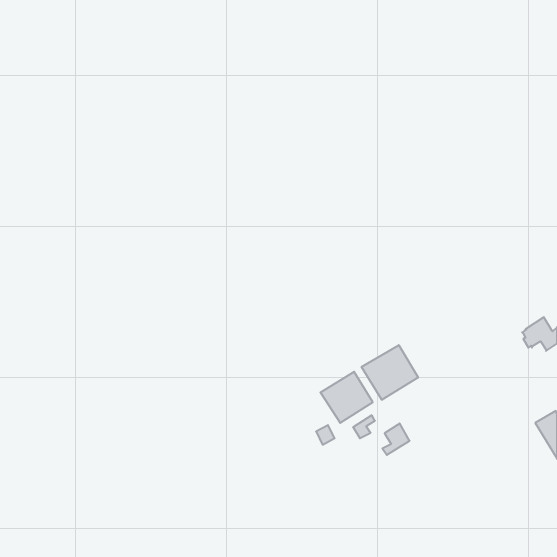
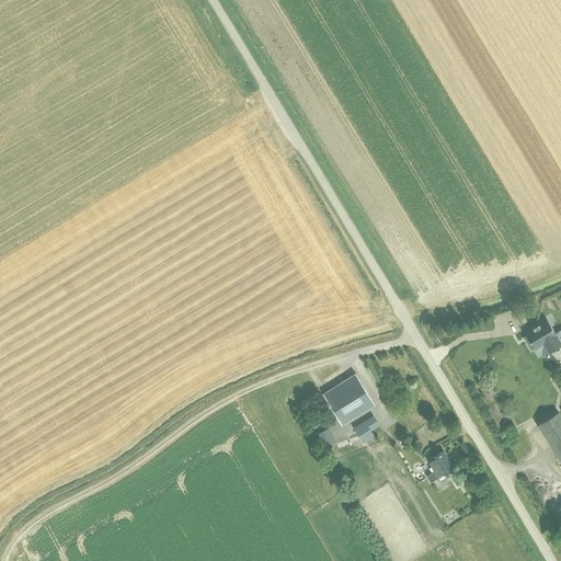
building: [362,345,418,400] -> none
building: [382,423,410,455] -> [426,450,454,482]

